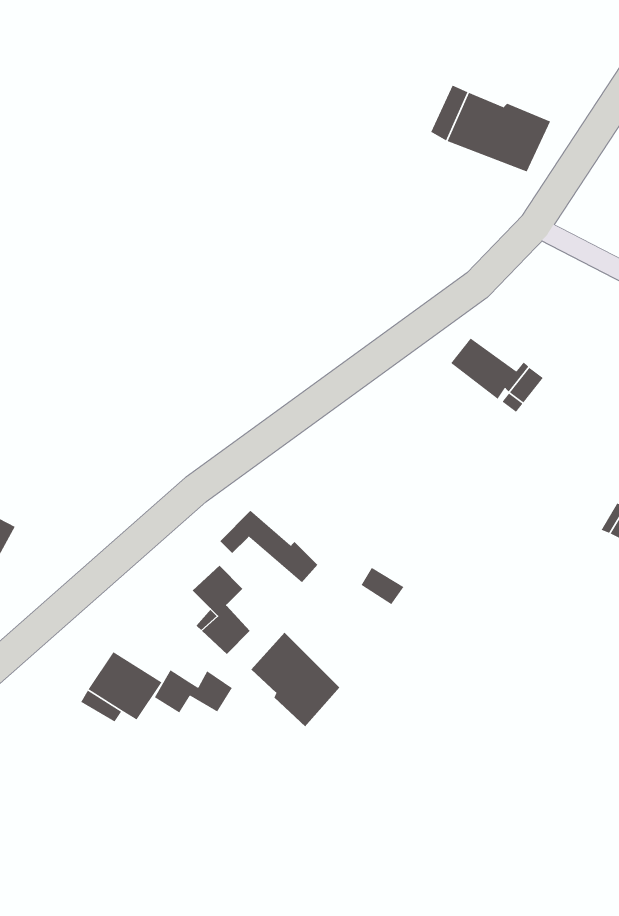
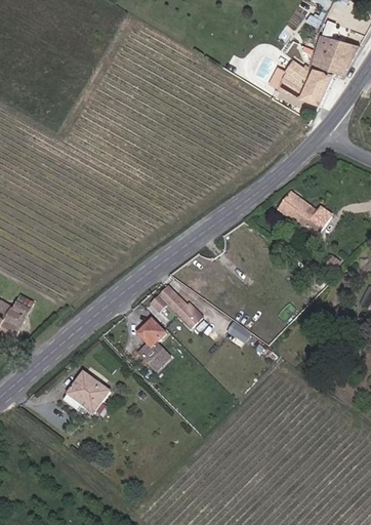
building: none -> [307,29,356,76]
building: [250,632,340,727] -> none
building: [154,669,233,714] -> none

